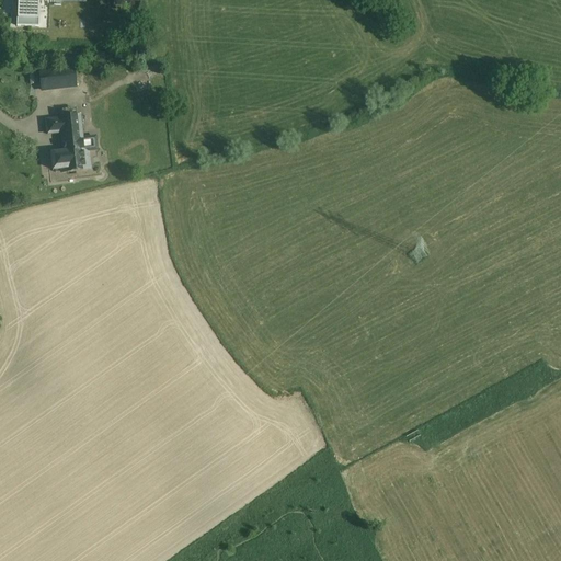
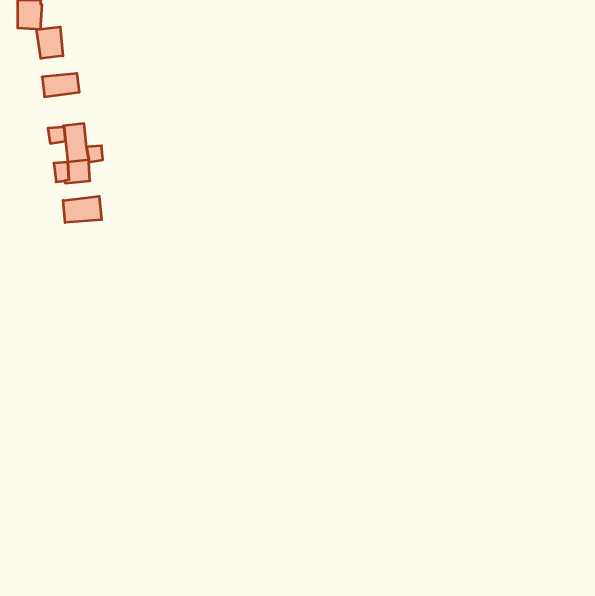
building: none -> [37,27,63,58]
building: none -> [63,196,102,223]

